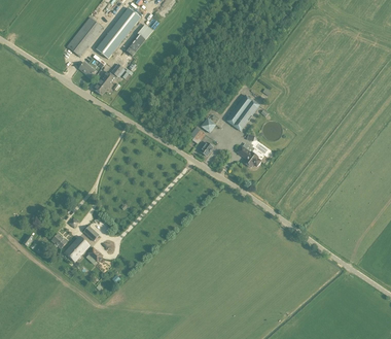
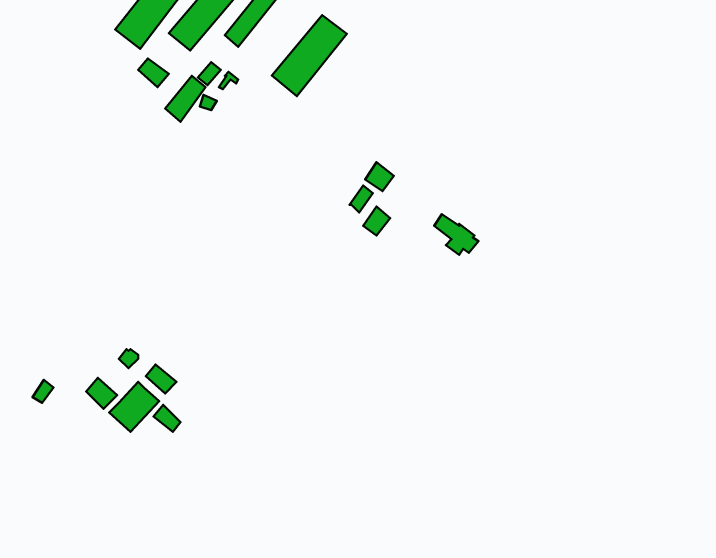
building: none -> [272,15,347,96]
building: [225,94,259,130] -> none

